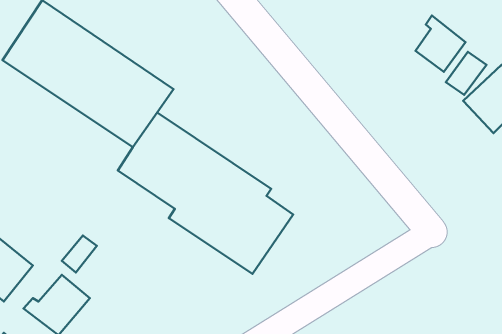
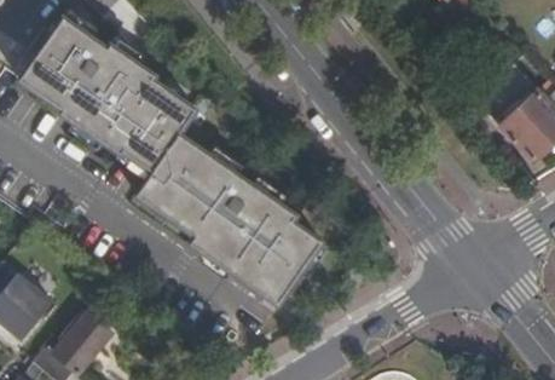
building: [415,16,466,72] -> none

